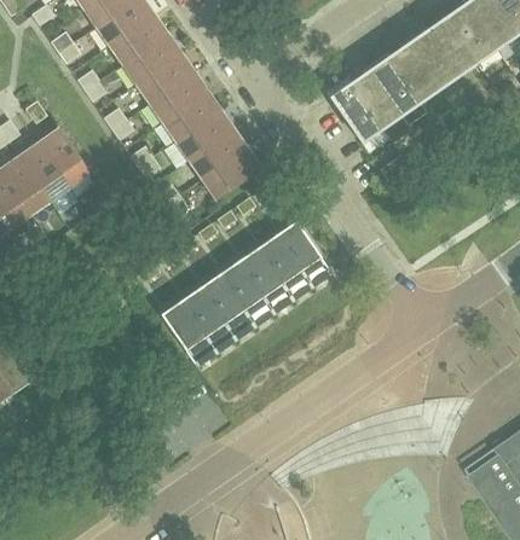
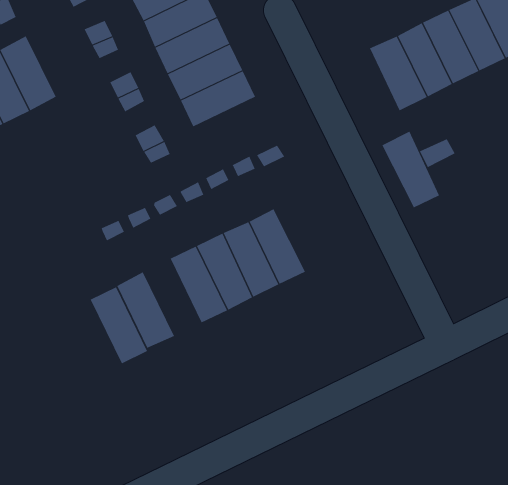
building: [201,150,260,202] -> none
building: [275,221,327,281] -> [382,131,440,208]
building: [179,288,231,348] -> [90,287,148,364]

